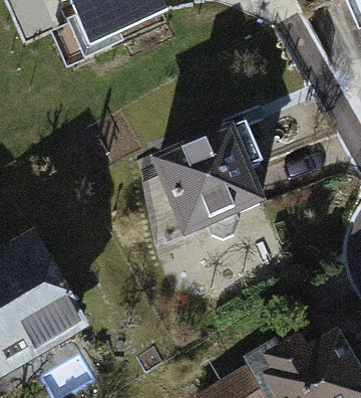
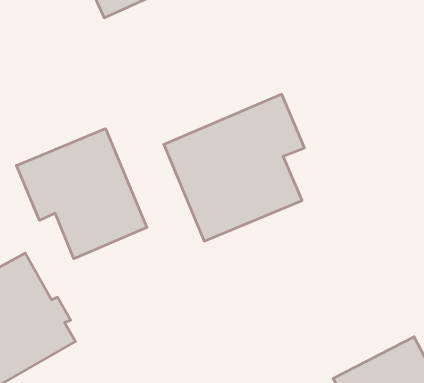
building: none -> [16,129,147,259]

